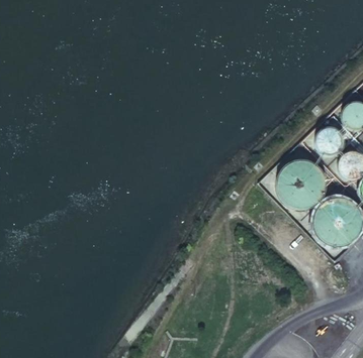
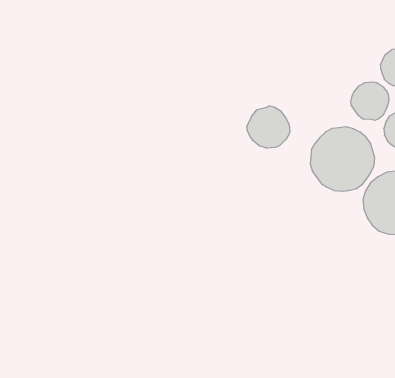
building: none -> [247,106,290,148]

